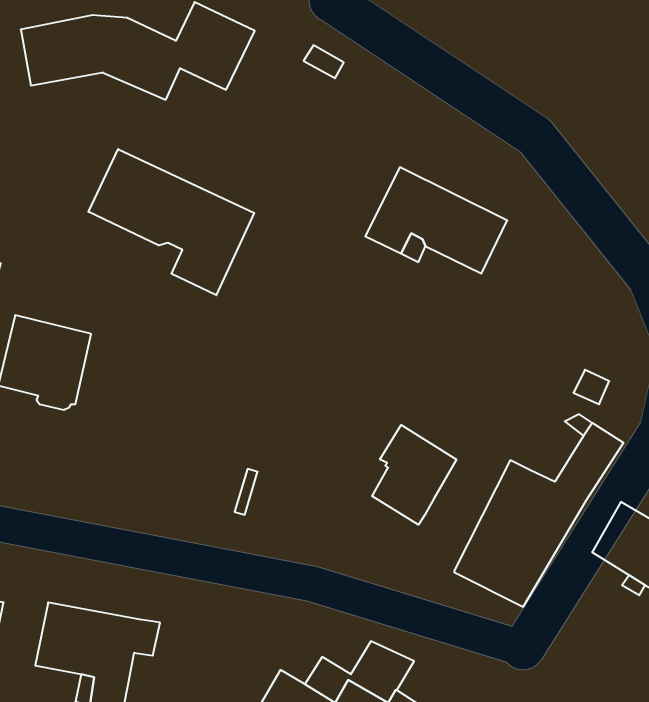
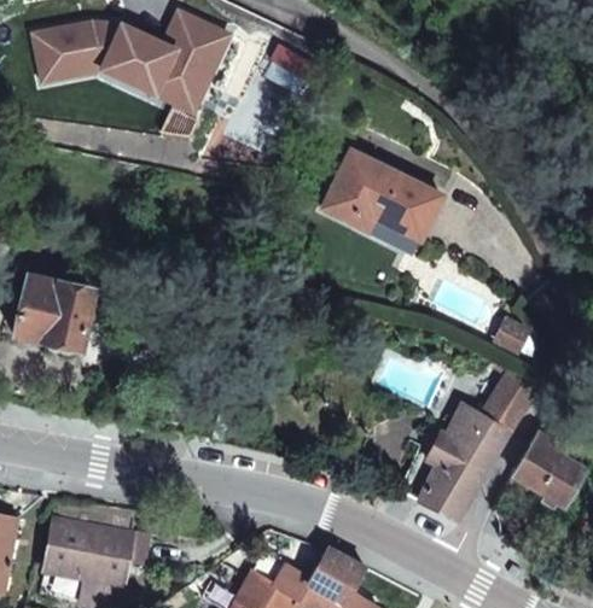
building: none -> [155,68,205,112]
building: [88,149,254,295] -> none
building: [372,425,456,525] -> none

